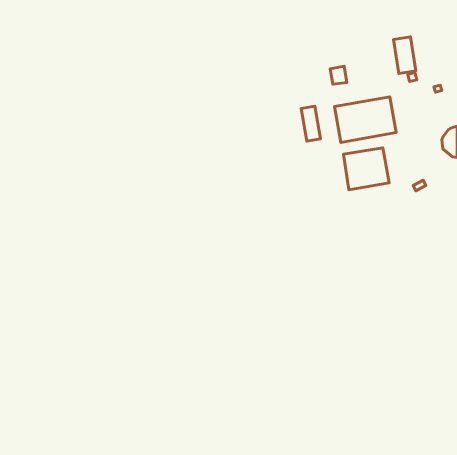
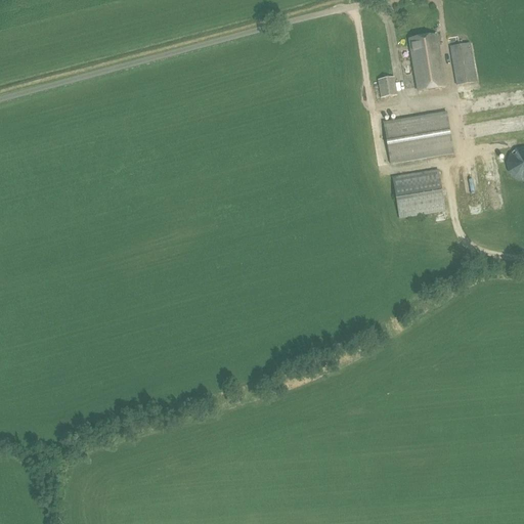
building: none -> [408,33,446,89]
building: [301,106,321,141] -> none

